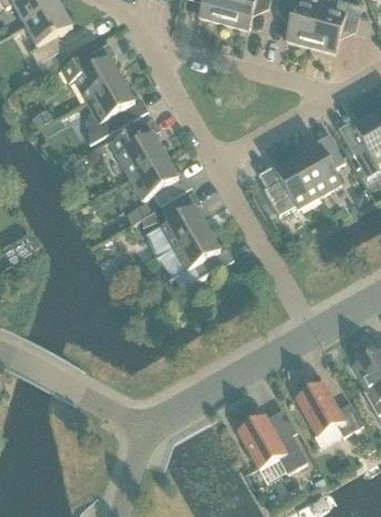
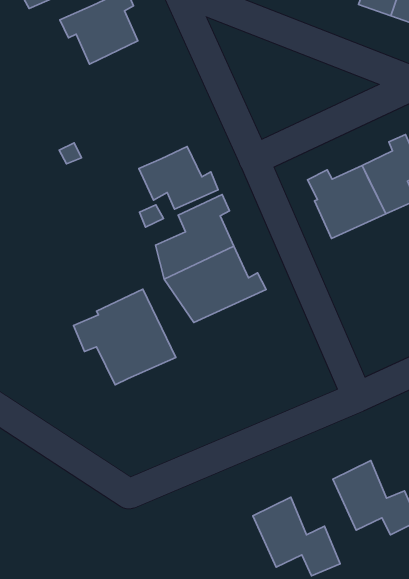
building: [85,79,148,142] -> none
building: [109,117,164,175] -> none
building: none -> [73,289,176,385]

